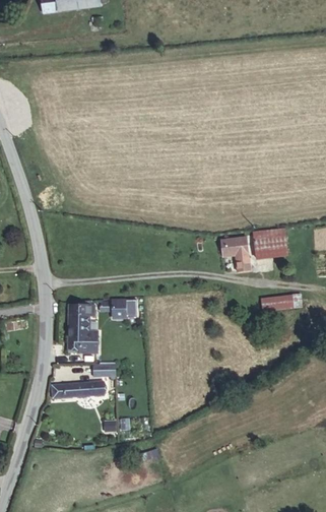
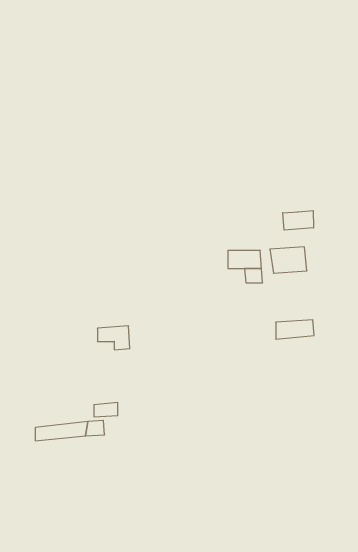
building: none -> [283,211,313,230]
building: [71,304,103,349] -> none

